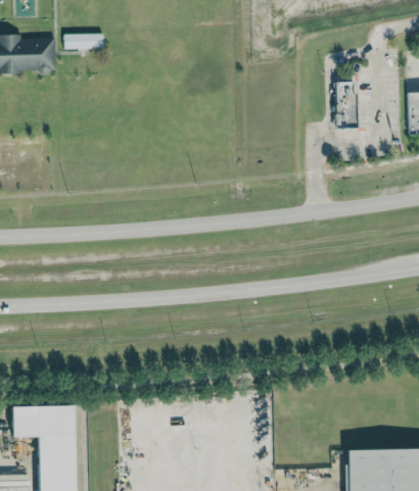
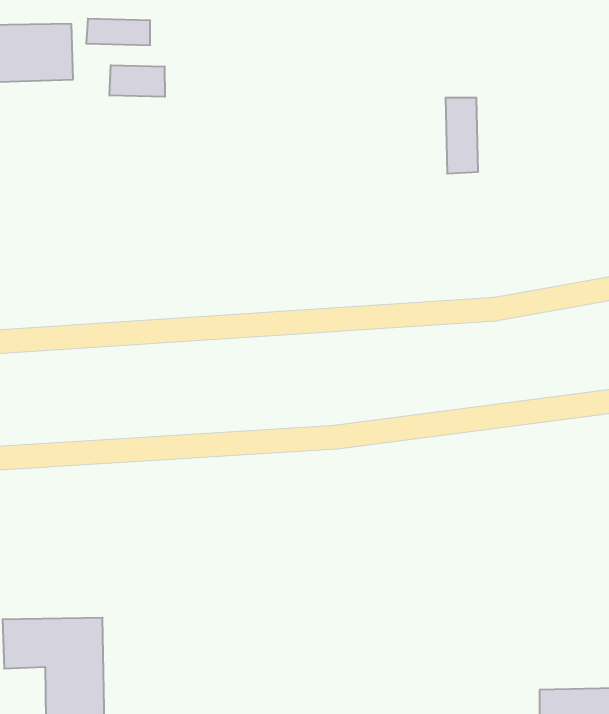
building: none -> [110,65,165,97]
building: [335,82,356,129] -> [445,98,478,173]

